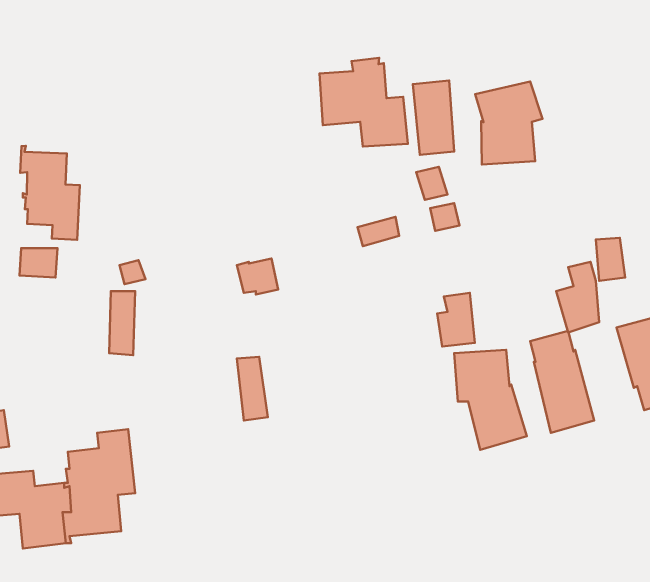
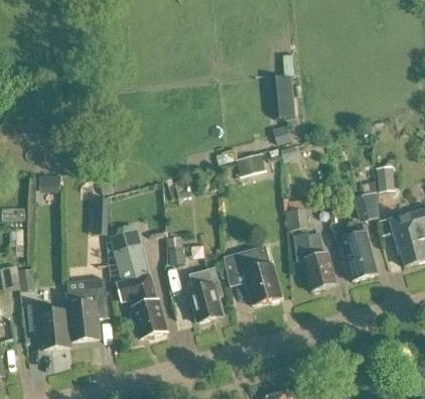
building: [319,58,408,146] -> none
building: [475,82,543,164] -> none
building: [20,146,80,240] -> none
building: none -> [110,229,168,339]
building: none -> [223,246,282,304]
building: none -> [187,267,225,322]

